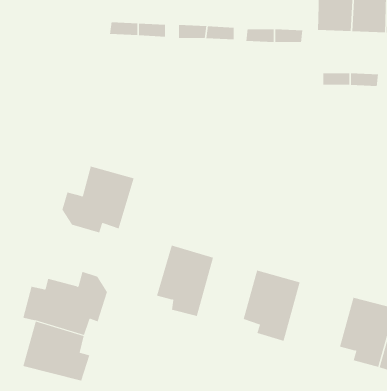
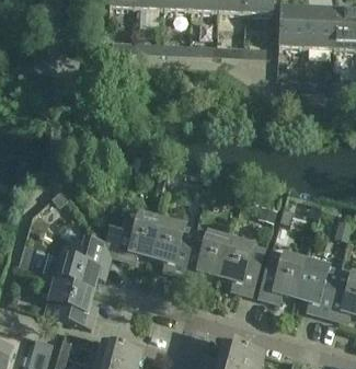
building: [61,166,134,233] -> [104,206,162,260]
building: none -> [183,226,230,279]
building: none -> [259,247,307,300]

